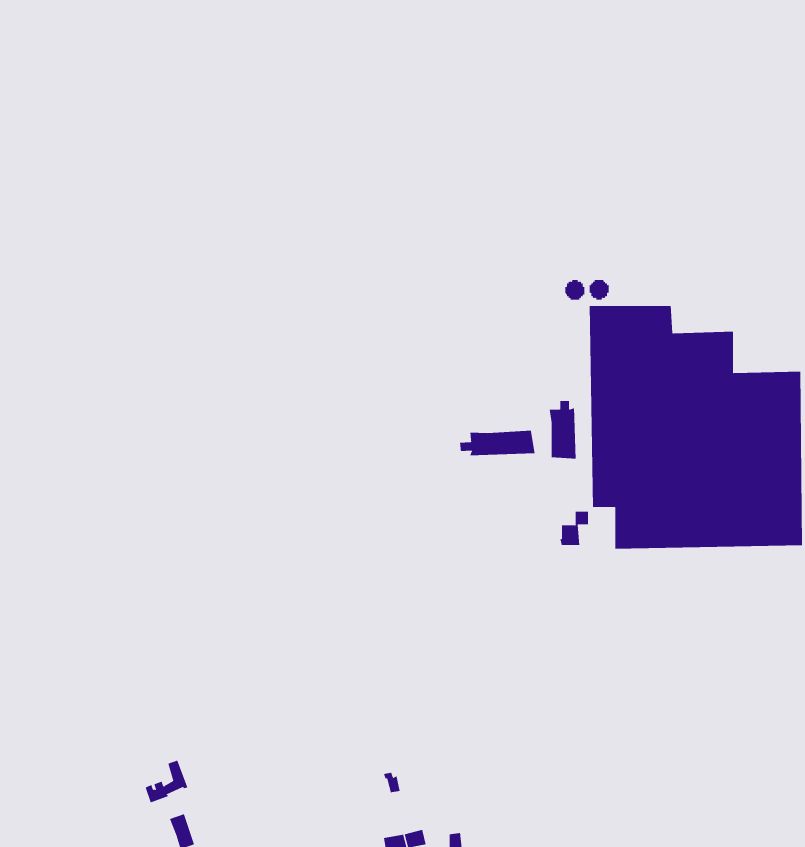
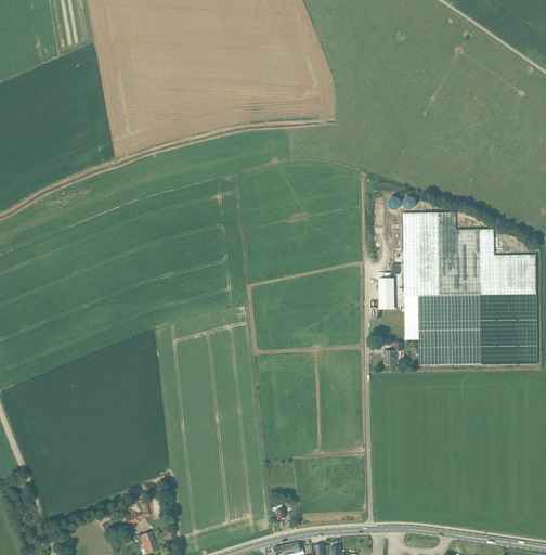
building: [460,430,535,456] -> none

